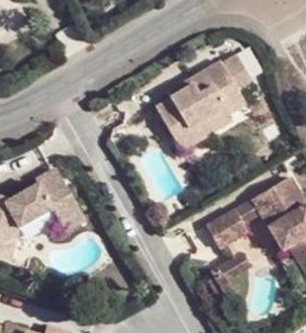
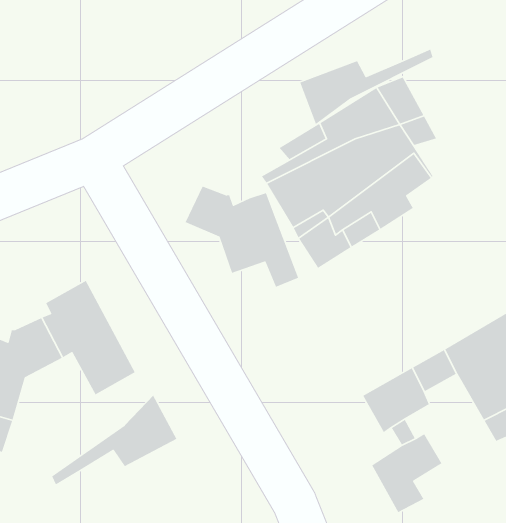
building: none -> [299,49,433,125]
building: none -> [184,186,299,288]
building: none -> [51,394,177,486]

